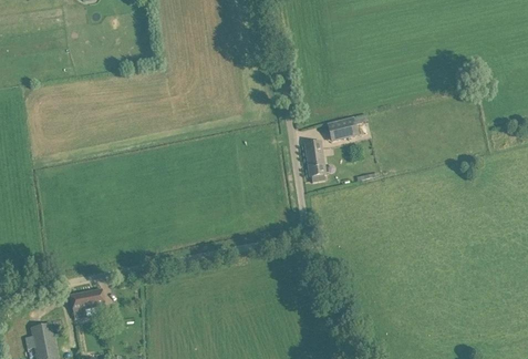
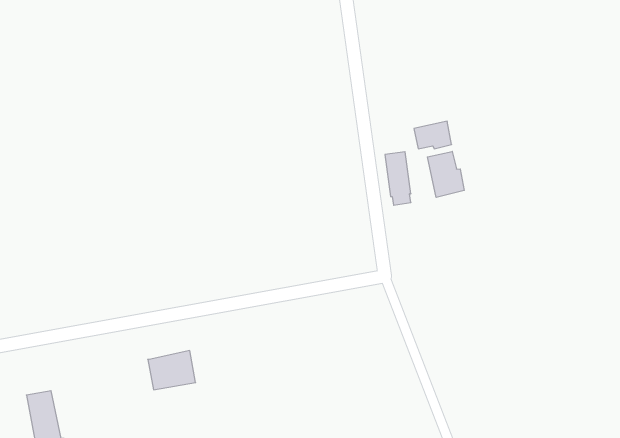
building: none -> [427,151,464,197]
building: [68,287,104,317] -> [148,351,196,390]

